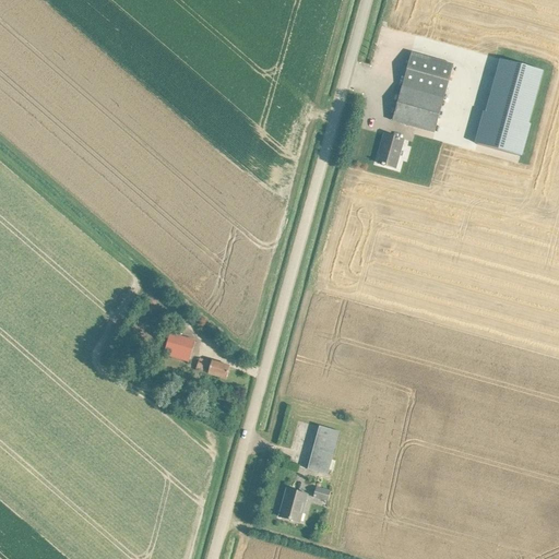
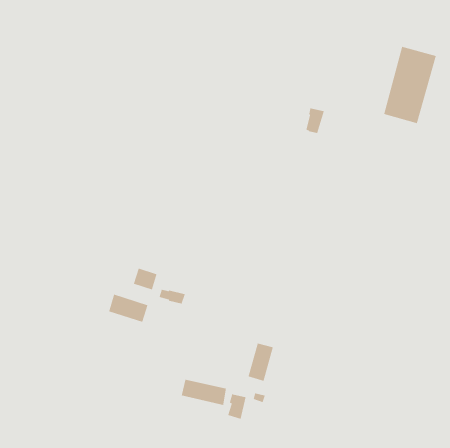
building: [392,51,452,131] -> none
building: none -> [108,294,149,323]
building: none -> [181,379,227,406]

